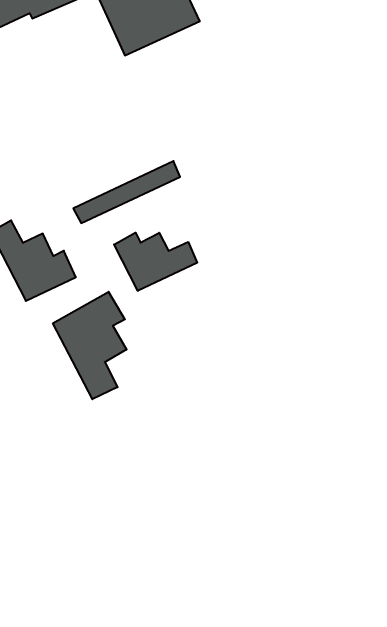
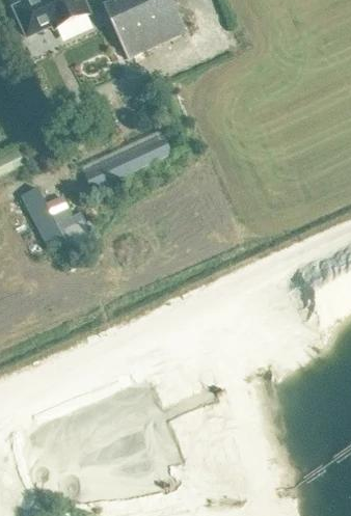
building: [114,233,197,291] -> none
building: [53,292,127,399] -> none

